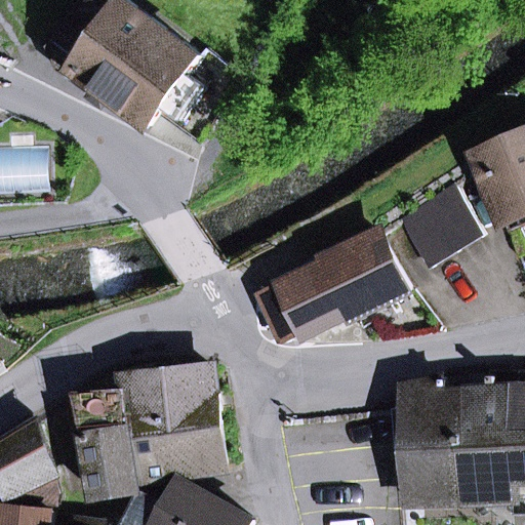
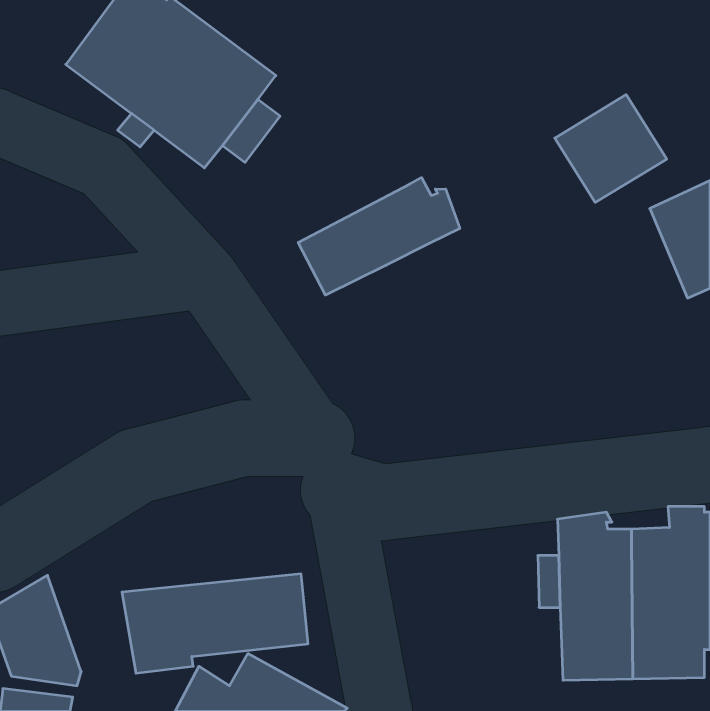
building: none -> [298,178,460,295]
building: [401,186,483,265] -> [555,95,667,202]
building: [260,229,409,338] -> none
building: [81,366,220,434] -> none

